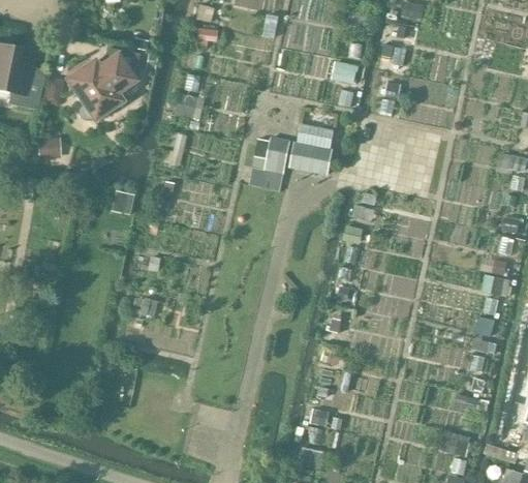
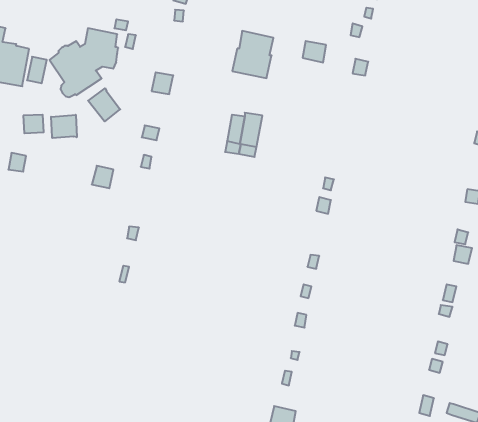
building: none -> [88,88,120,121]
building: [290,123,334,173] -> [232,31,273,78]
building: none -> [51,115,77,138]

